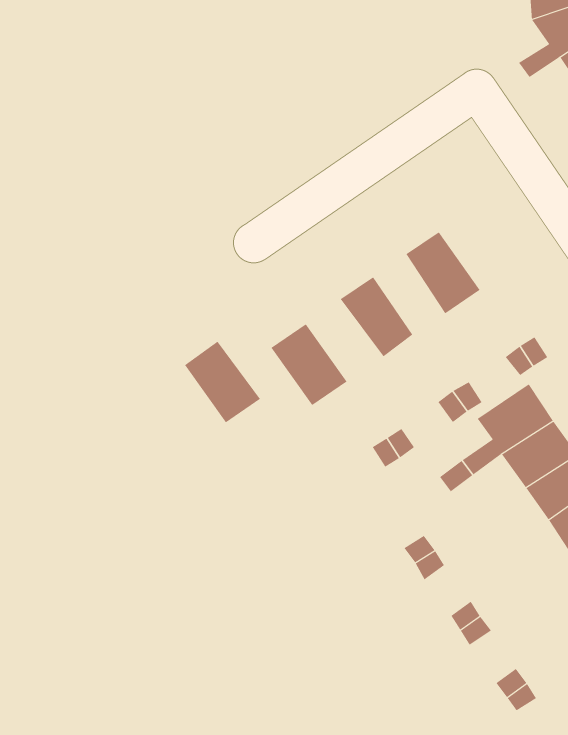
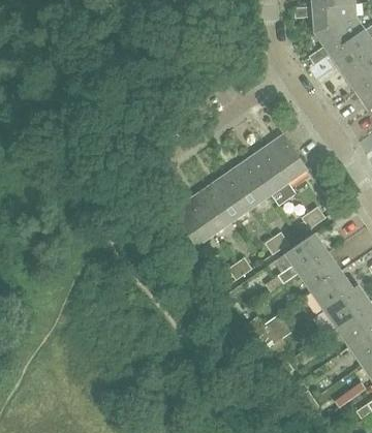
building: none -> [266,135,308,181]
building: none -> [229,161,269,206]
building: [184,341,261,423] -> [192,186,235,231]

